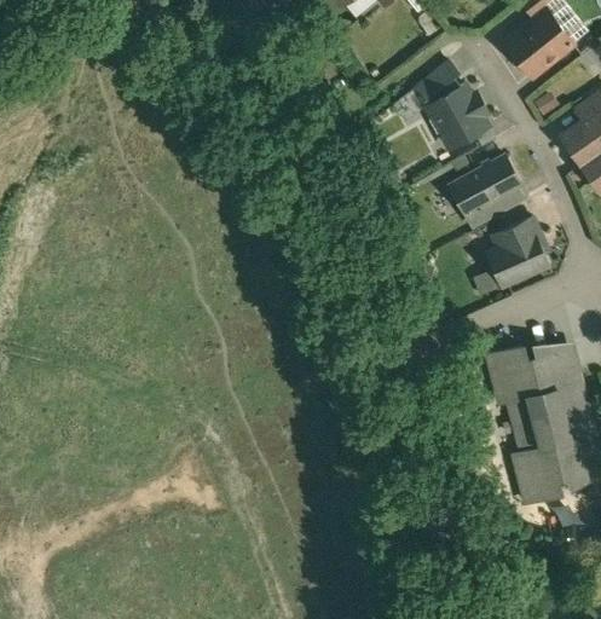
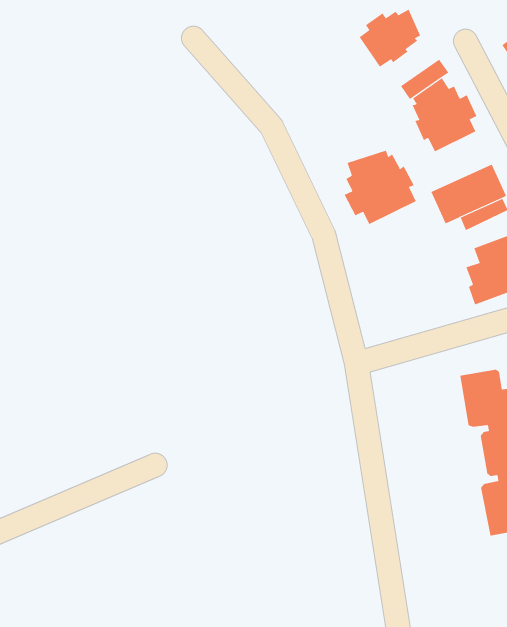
building: none -> [359,9,421,68]
building: none -> [344,150,416,225]

